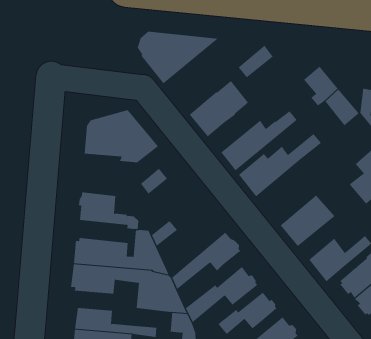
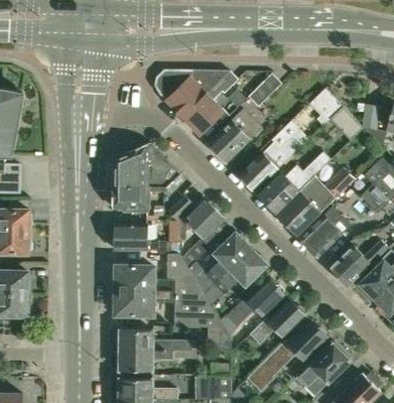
building: none -> [180,72,237,136]
building: none -> [112,188,147,213]
building: none -> [275,169,354,236]
building: none -> [180,200,224,240]
building: none -> [200,234,250,295]

